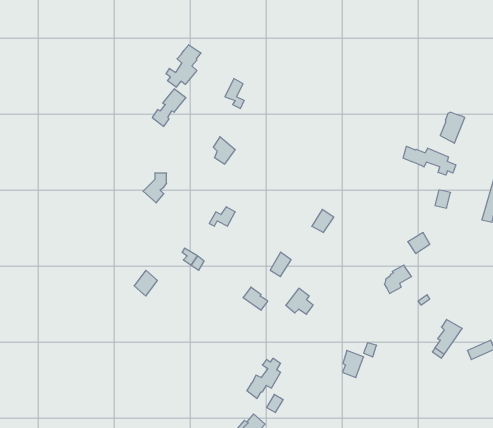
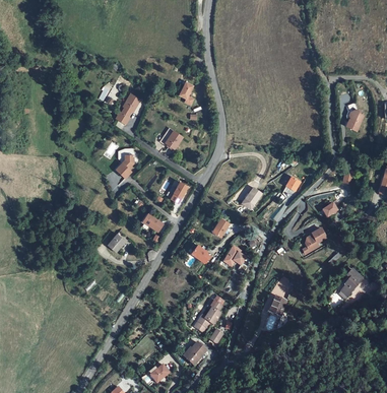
building: [166,45,201,87] -> none
building: [403,146,456,175] -> none

